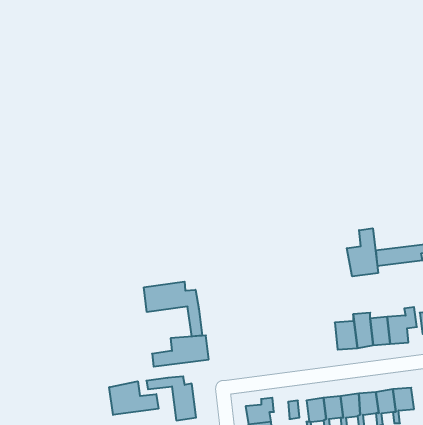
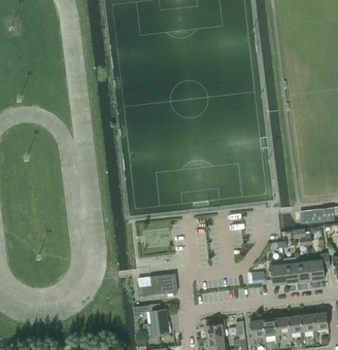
building: [347,228,378,276] -> none
building: [144,282,202,337] -> none
building: [109,381,158,415] -> none

